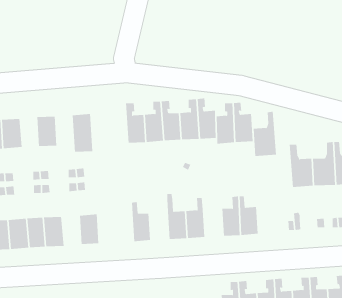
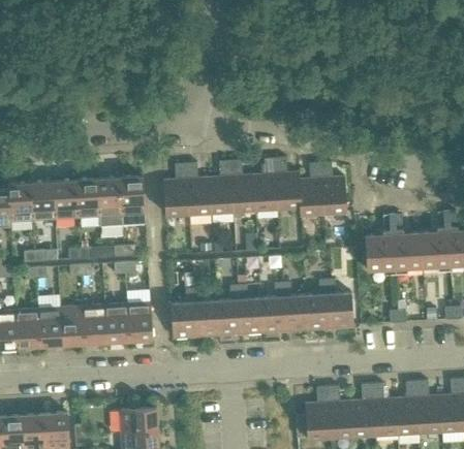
building: none -> [163,163,188,215]
building: [253,111,277,156] -> [365,215,395,271]
building: none -> [97,179,121,226]
building: none -> [53,181,75,219]
building: none -> [282,281,308,331]
building: none -> [215,284,240,335]
building: none -> [171,288,195,339]
building: none -> [105,304,129,343]

